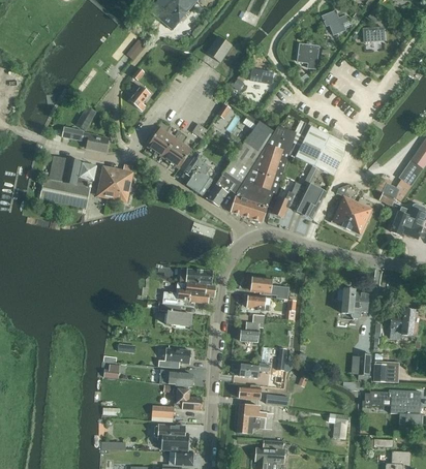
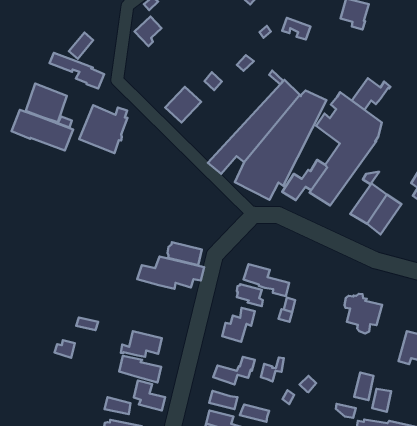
building: none -> [352,78,391,110]
building: [148,127,177,158] -> none
building: [184,156,213,195] -> none
building: [158,303,189,325] -> none

